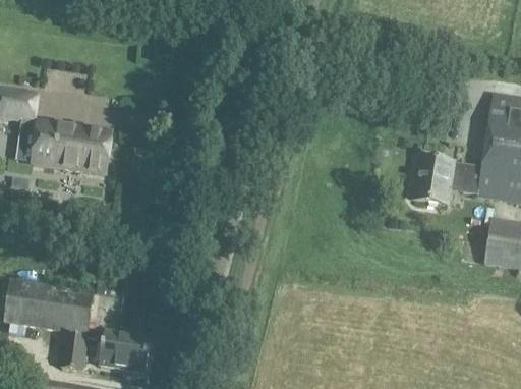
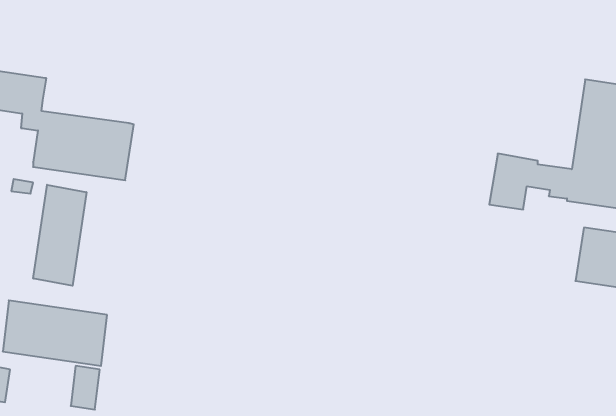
building: none -> [33,185,86,286]
building: [99,329,150,371] -> none

